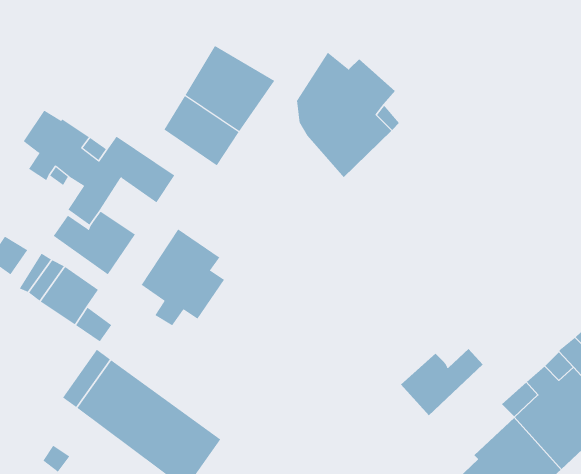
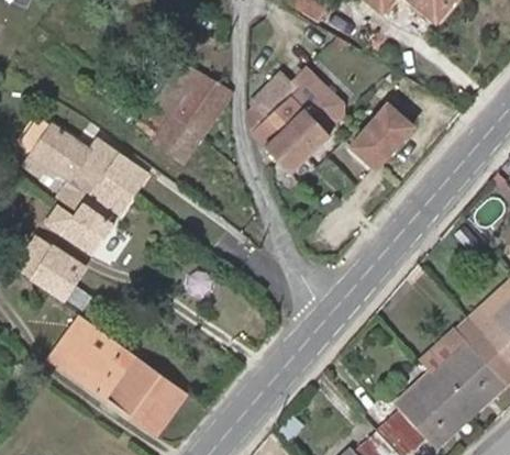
building: none -> [352,102,414,167]
building: none -> [85,174,132,221]
building: [141,228,225,326] -> none
building: [400,348,484,416] -> none

